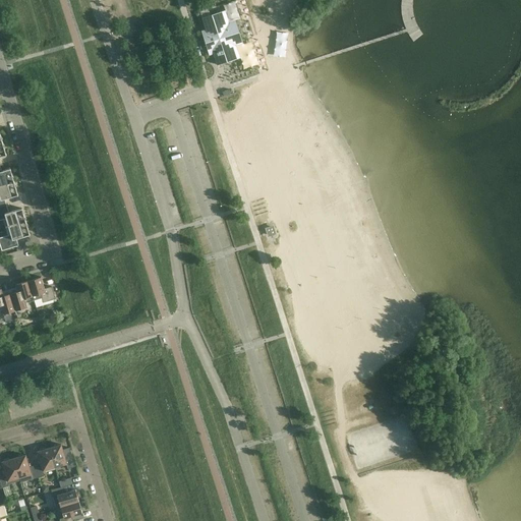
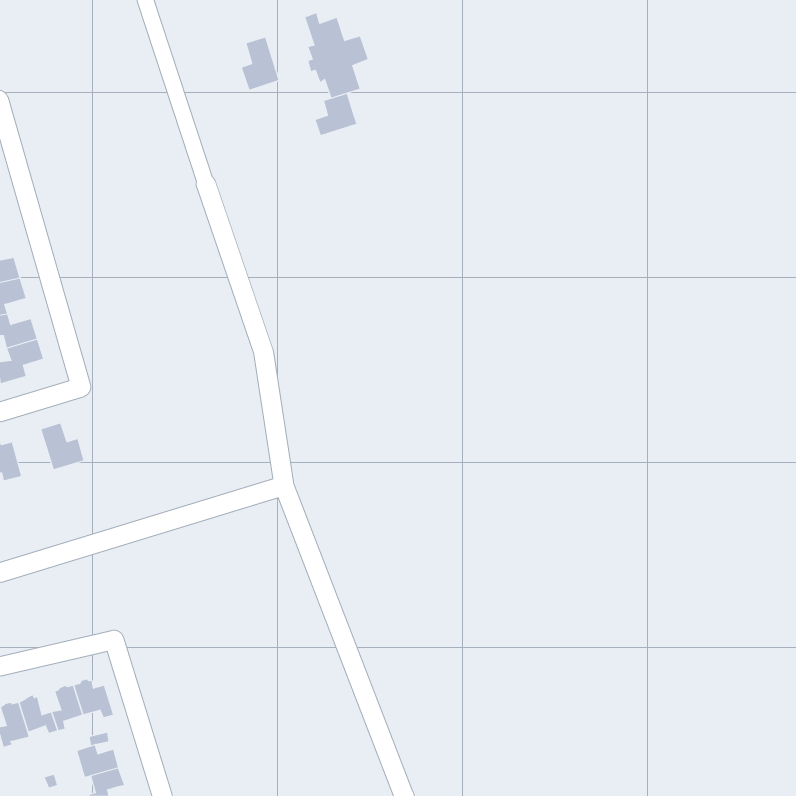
building: none -> [241,37,279,90]
building: none -> [315,93,357,136]
building: [8,280,33,310] -> none

